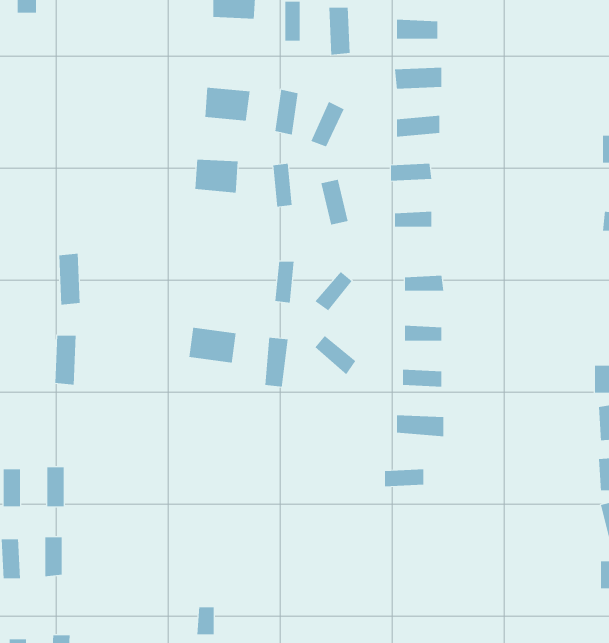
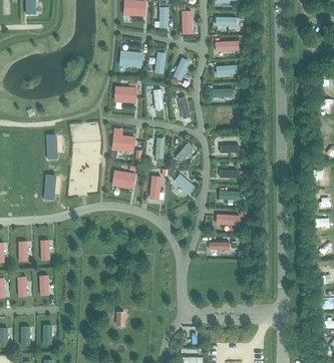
building: none -> [111,127,135,152]

